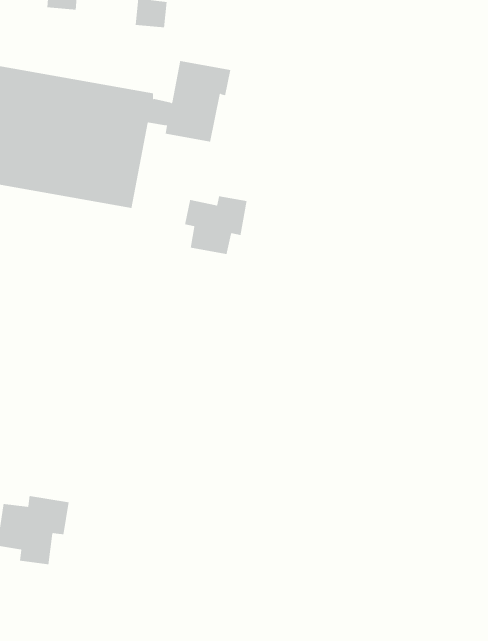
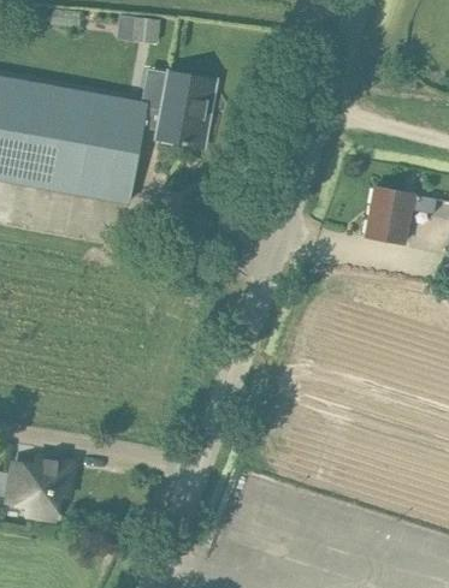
building: none -> [365,185,436,243]
building: [184,196,247,255] -> none

